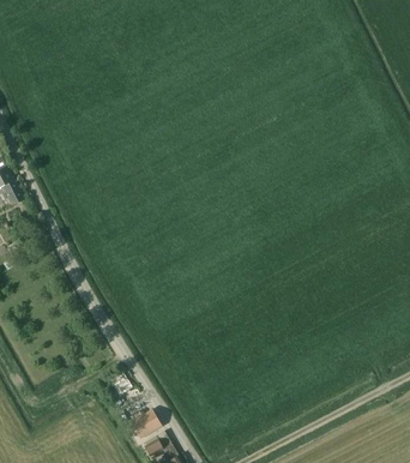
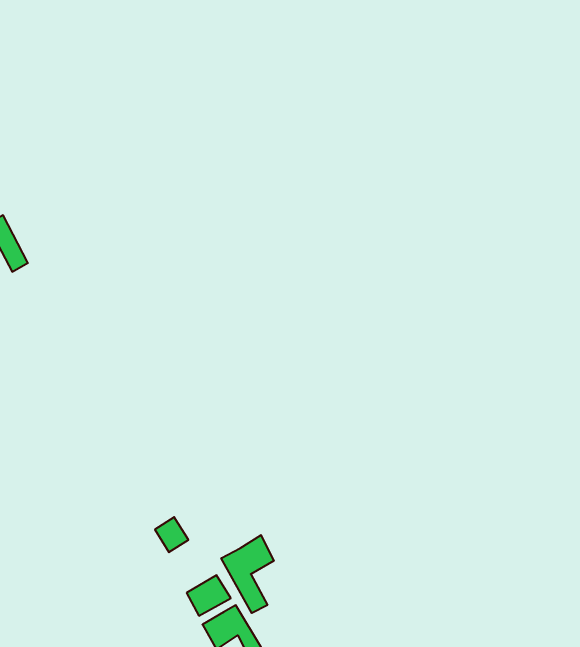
building: none -> [221,535,274,613]

